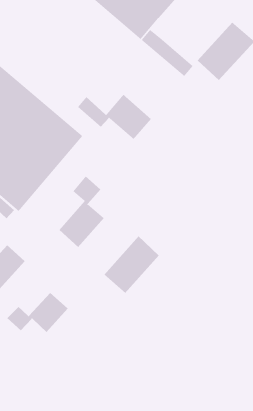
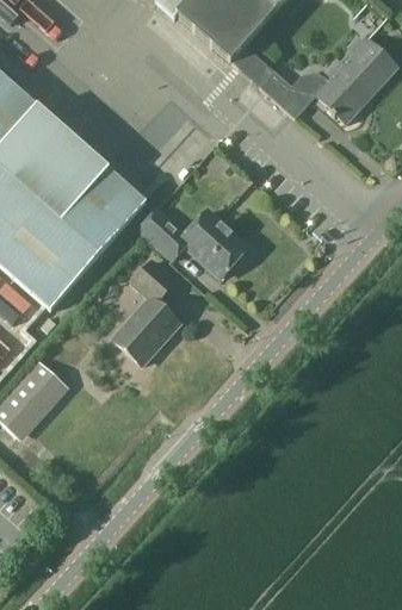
building: [77,94,152,140] -> [140,207,248,274]
building: [104,235,159,294] -> none
building: [7,292,69,333] -> none

